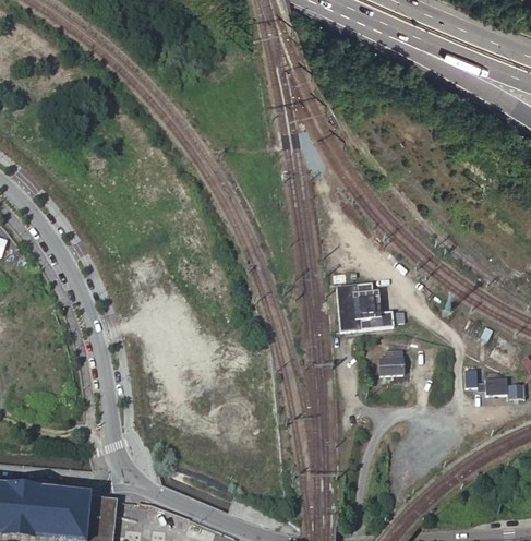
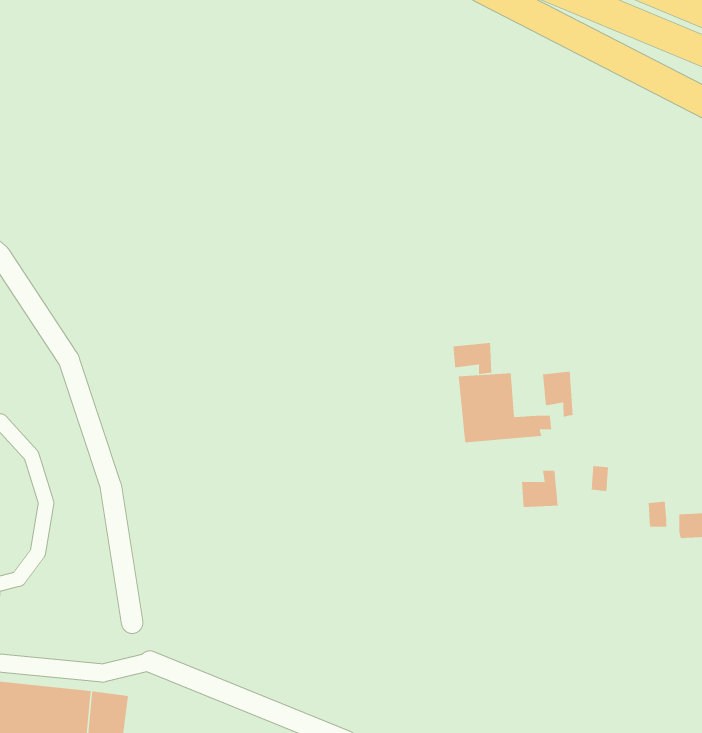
building: none -> [453,342,492,375]
building: none -> [543,371,573,417]

